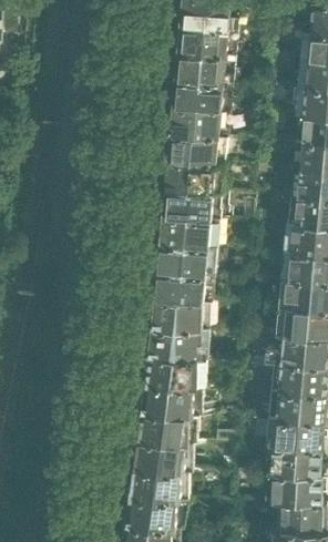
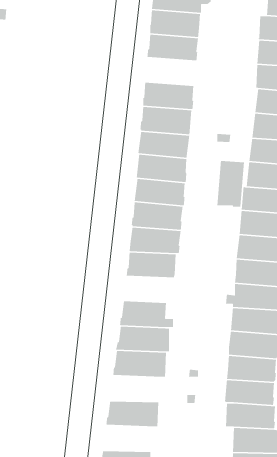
building: [172,76,230,109] -> none
building: none -> [216,160,245,208]
building: [147,326,208,356] -> none
building: [132,439,192,469] -> none
building: [123,495,184,525] -> none

